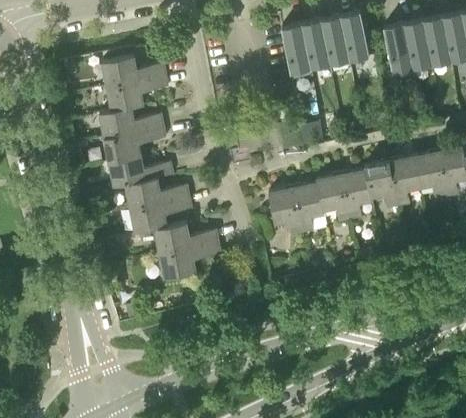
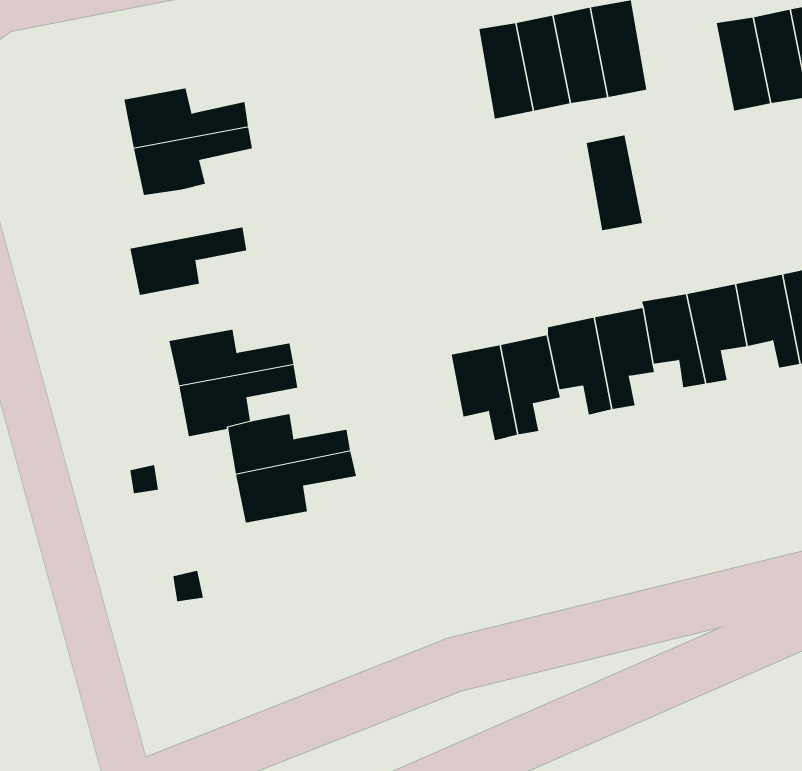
building: [384,23,413,72] -> [586,135,643,231]
building: [100,108,163,138] -> none
building: [110,156,172,187] -> none

